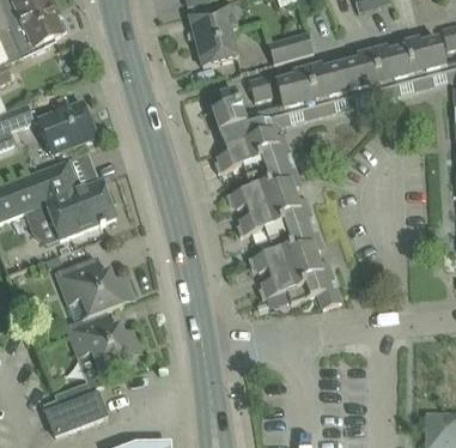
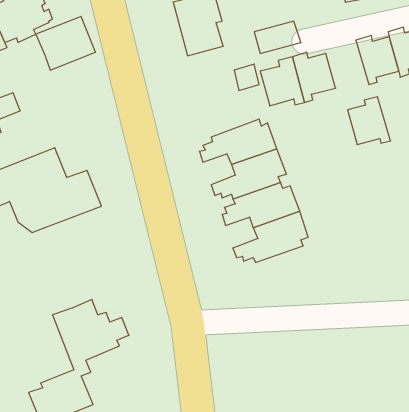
building: [341,50,384,98] -> [348,97,391,145]
building: [211,89,274,147] -> none
building: [38,102,98,156] -> [36,16,95,70]
building: [55,255,133,319] -> none
building: [259,256,341,308] -> none

